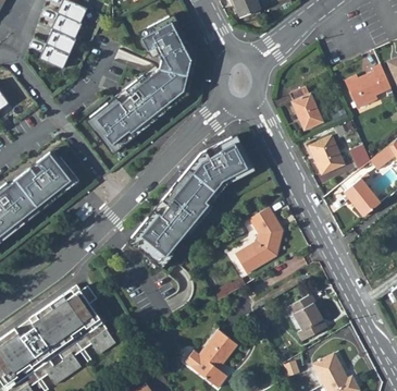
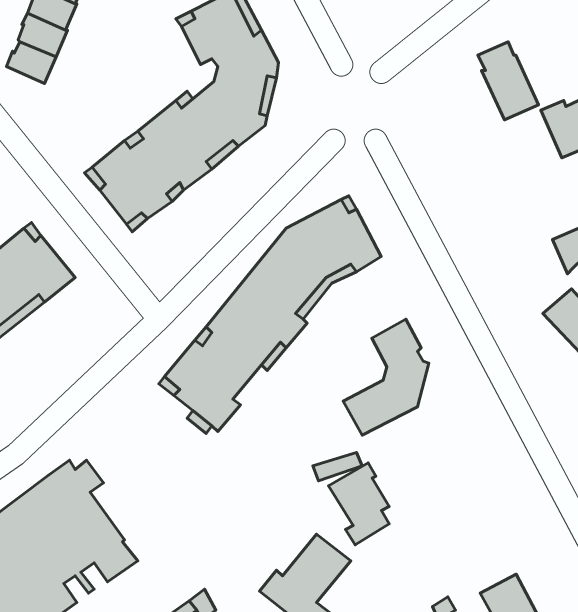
building: [291,89,326,134] -> [478,42,539,120]
building: [313,139,348,178] -> none
building: [286,291,321,338] -> [328,463,389,545]

